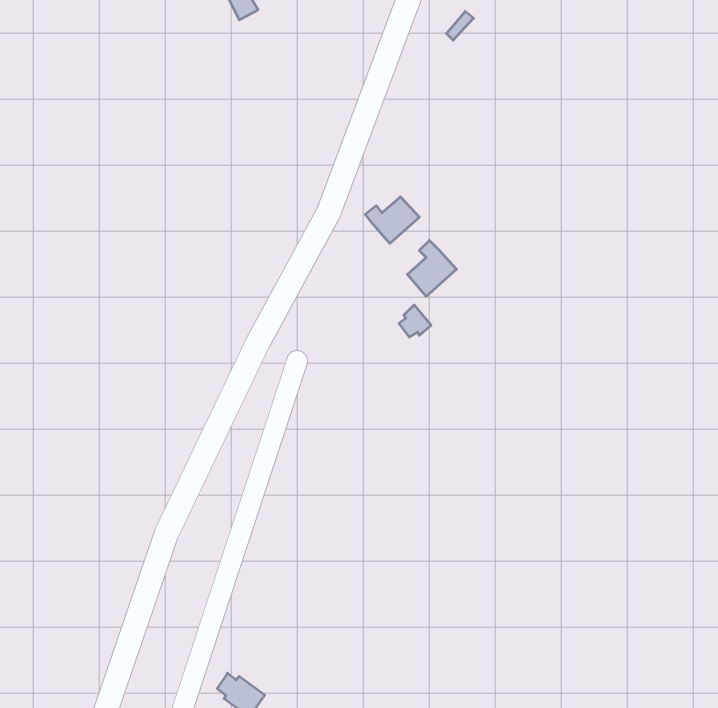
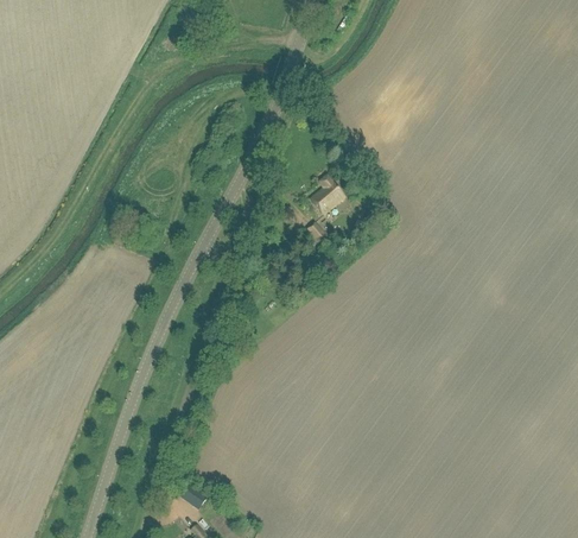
building: [365,197,419,243] -> none

